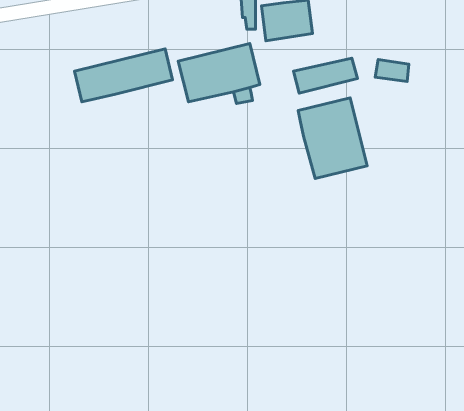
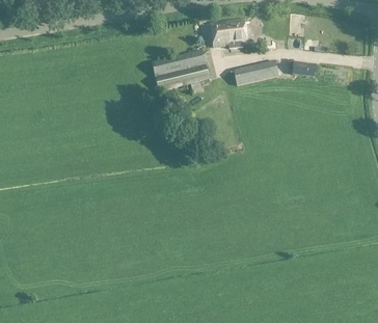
building: [75,49,172,102] -> none
building: [298,98,367,179] -> none

